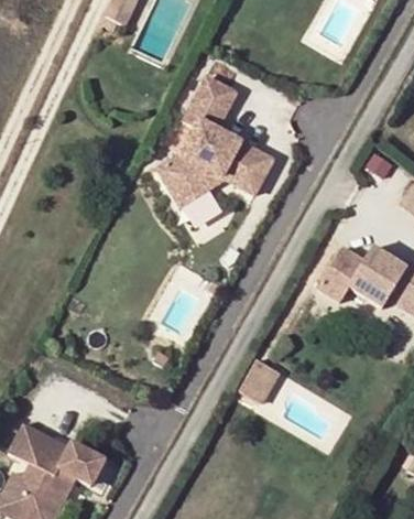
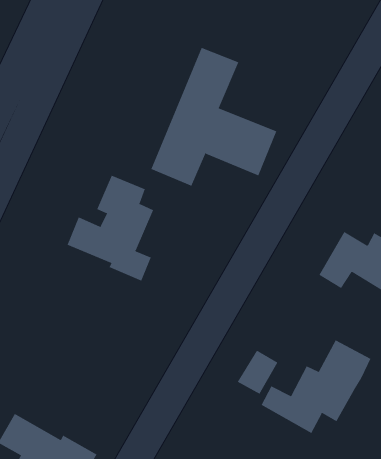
building: none -> [67,175,154,281]
building: none -> [261,339,371,434]

